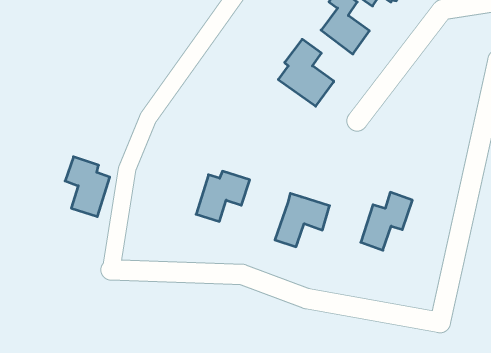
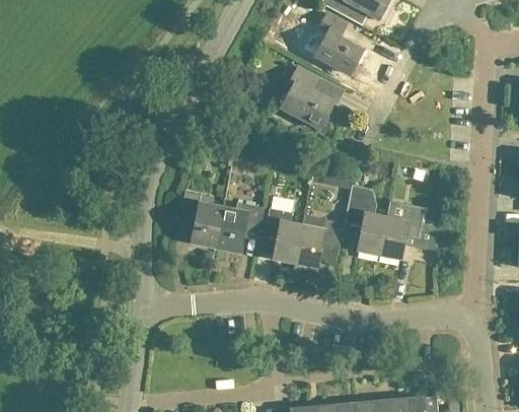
building: [65,157,110,217] -> [181,193,224,248]
building: none -> [344,185,386,255]
building: none -> [265,209,304,263]

